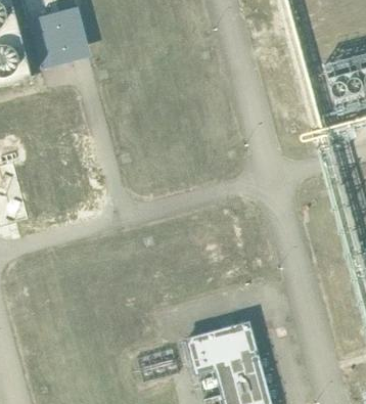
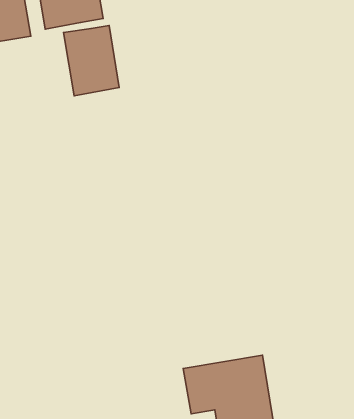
building: none -> [64,26,119,96]

